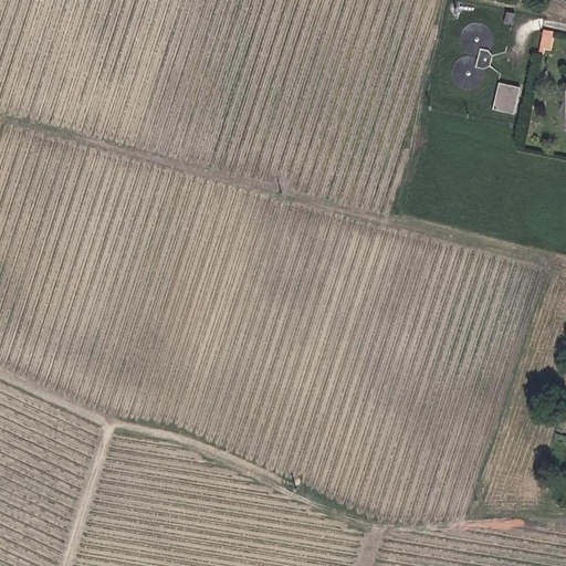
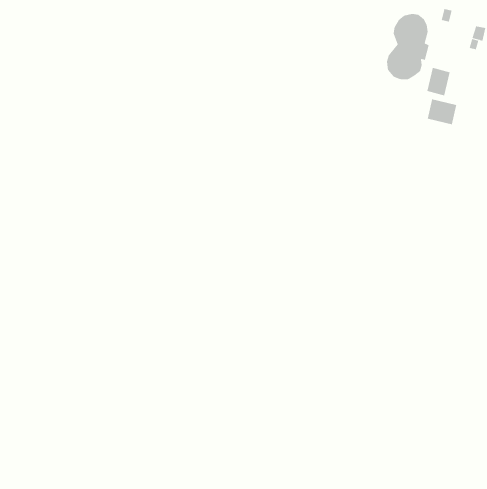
building: none -> [427,99,457,125]

